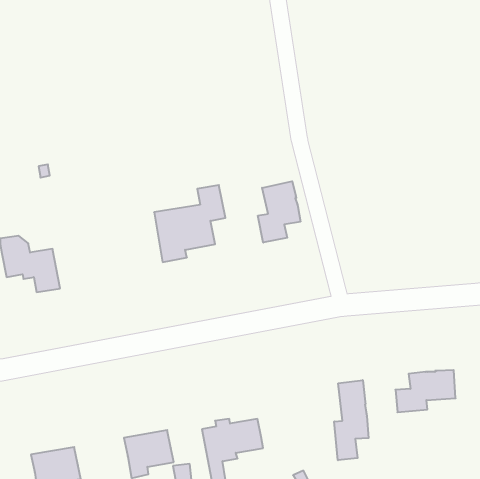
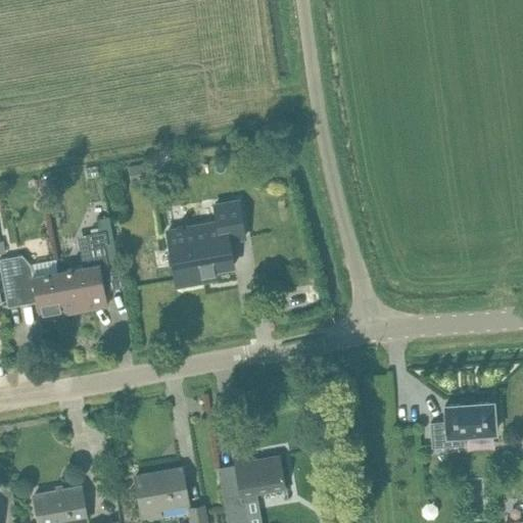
building: [258,181,300,243] -> none
building: none -> [57,218,112,315]
building: [334,380,369,460] -> none

